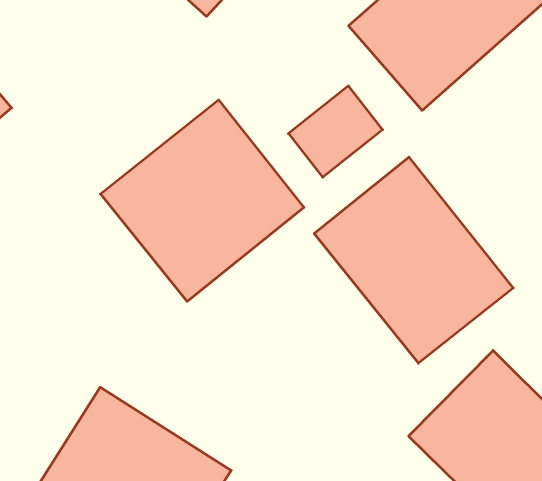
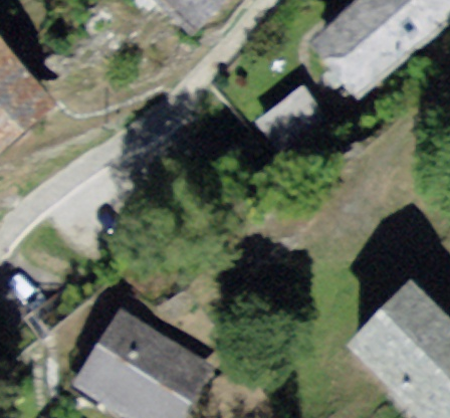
building: [100,100,304,301] -> none
building: [314,157,513,363] -> none

